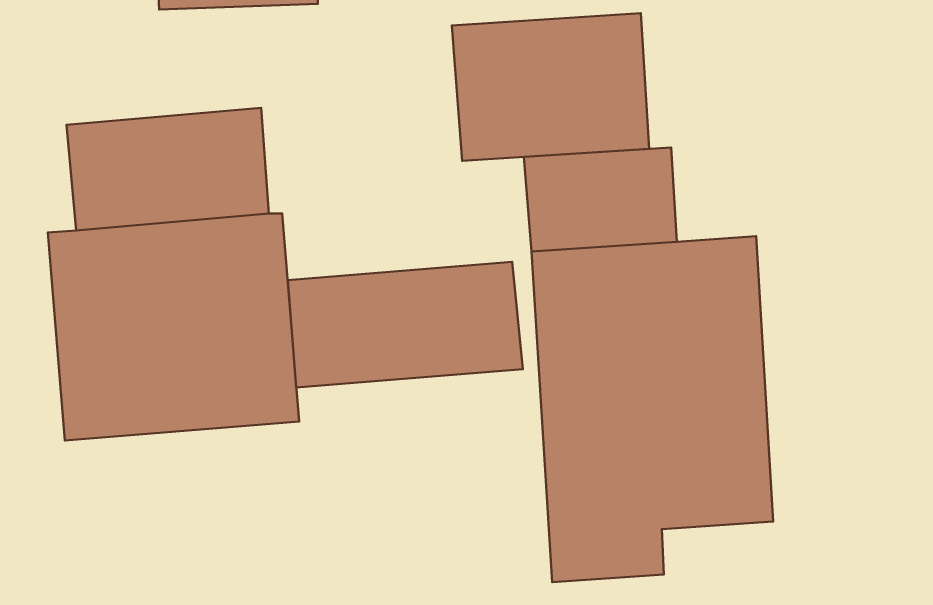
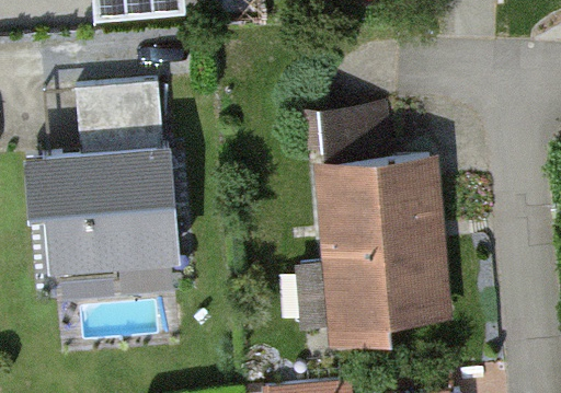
building: [452,13,649,161] -> none
building: [288,262,523,388] -> none

